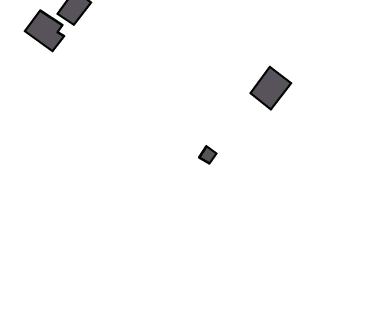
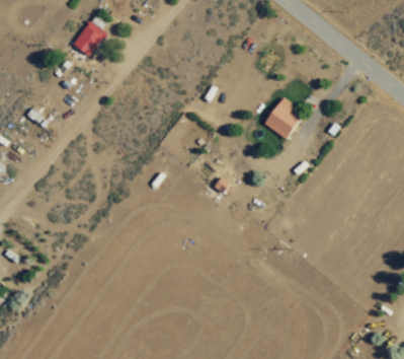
building: [25,11,64,51] -> none

